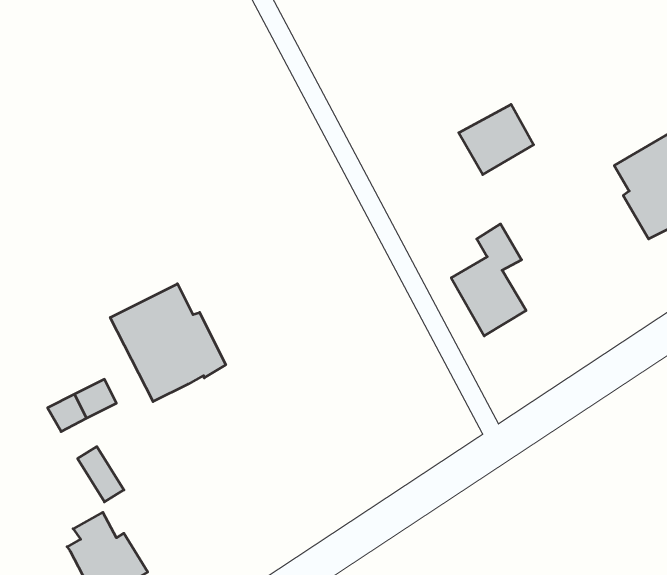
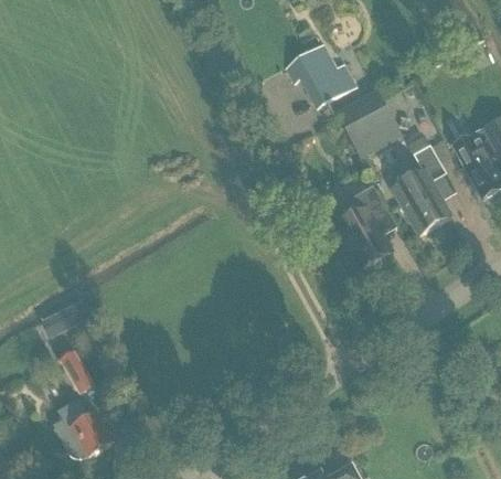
building: none -> [285,45,356,107]
building: none -> [393,145,450,235]
building: [110,284,226,402] -> none

